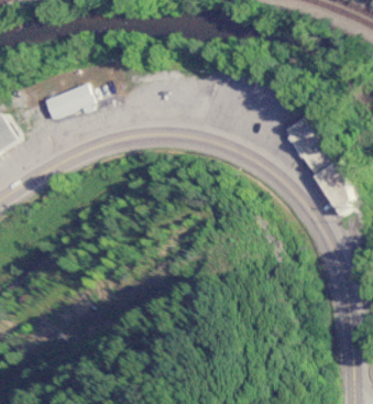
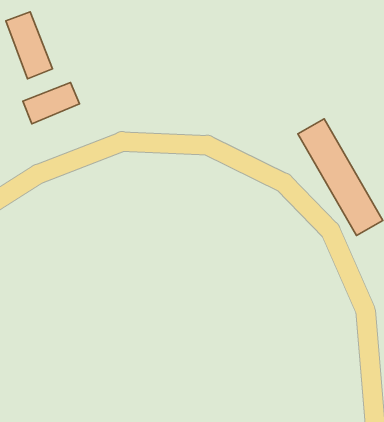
building: none -> [6,12,53,79]

